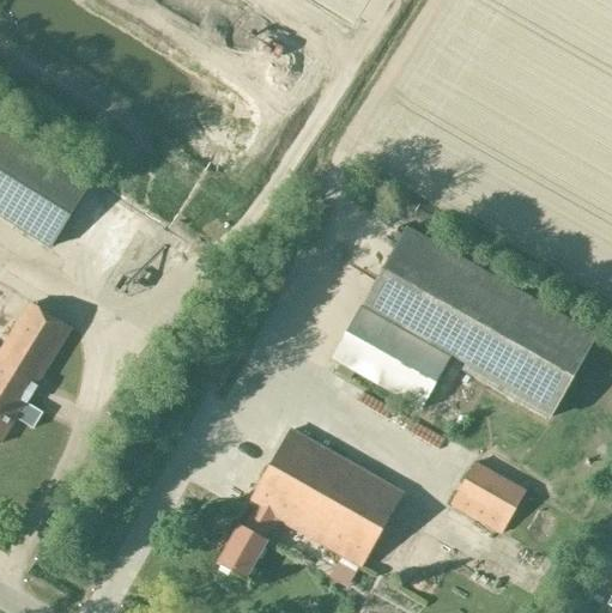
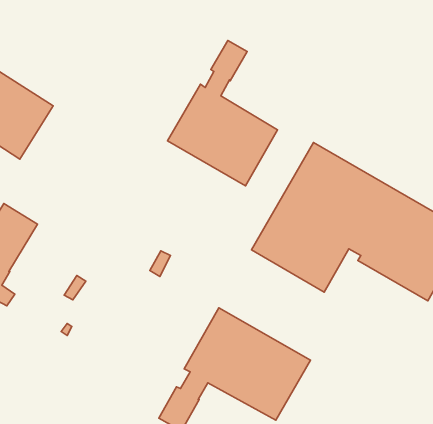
building: none -> [168,40,278,186]
building: [448,459,526,533] -> none

